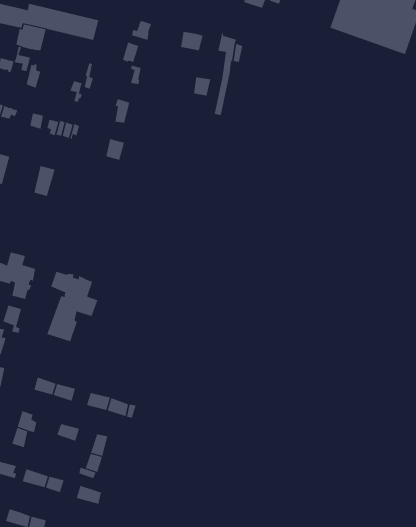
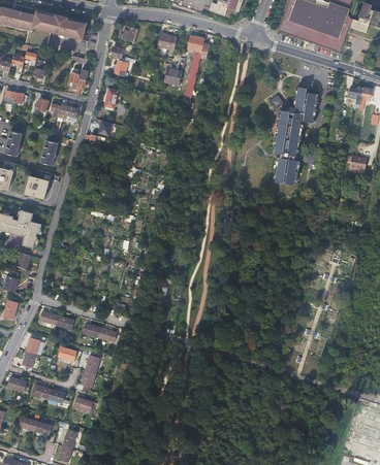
building: none -> [267,86,317,186]
building: none -> [25,173,51,199]
building: [47,271,98,342] -> none

